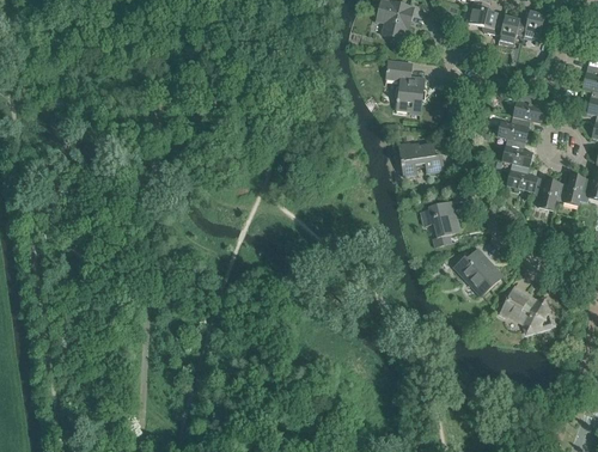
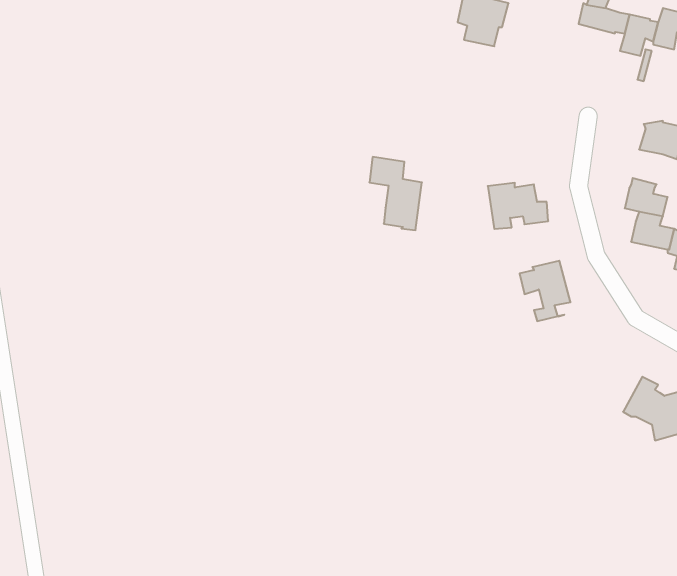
building: [385,59,425,114] -> [369,157,422,230]
building: [496,116,530,142] -> none
building: [452,248,502,295] -> none

